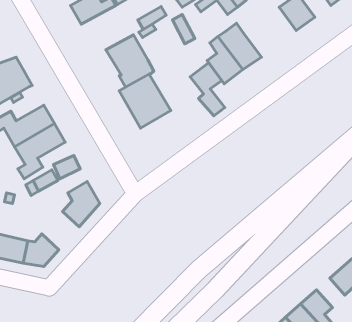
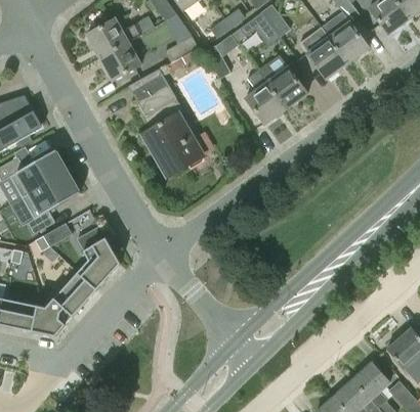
building: none -> [306,37,347,80]
building: none -> [99,41,141,80]
building: [190,63,225,116] -> none
building: none -> [54,272,97,316]

